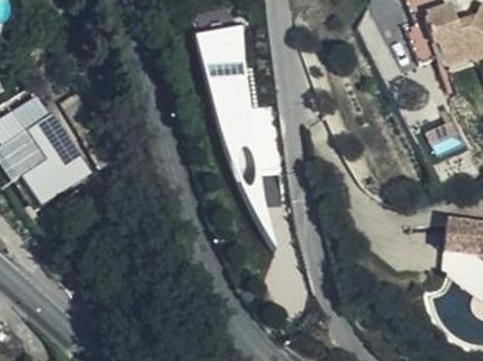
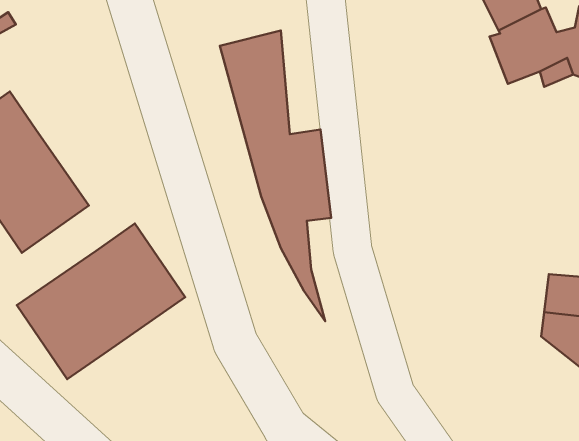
building: none -> [17,224,185,379]

